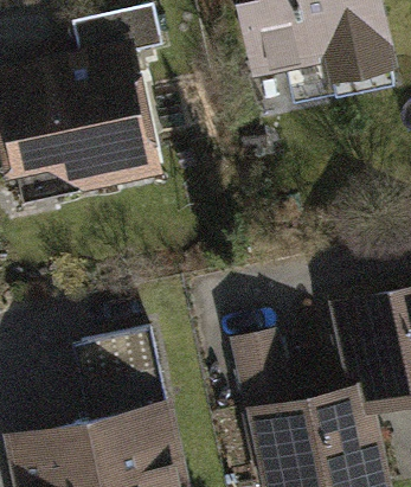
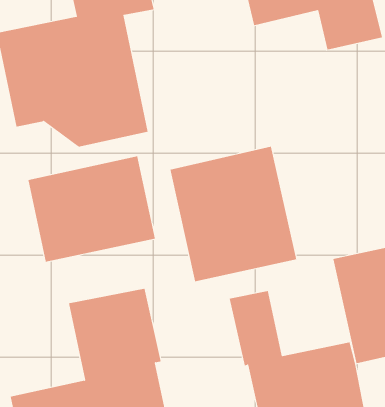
building: none -> [170,146,297,282]
building: none -> [28,155,155,262]

